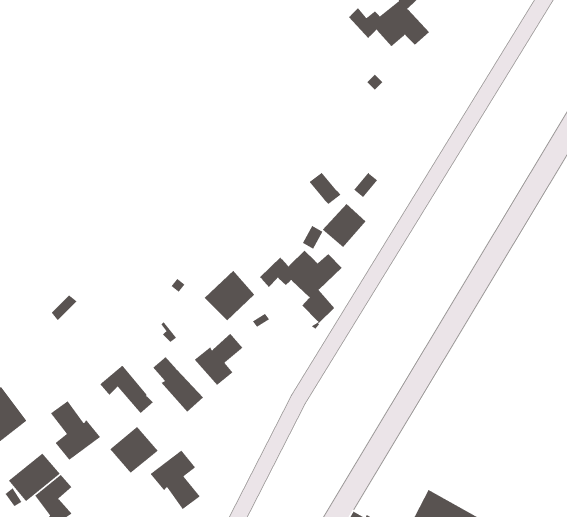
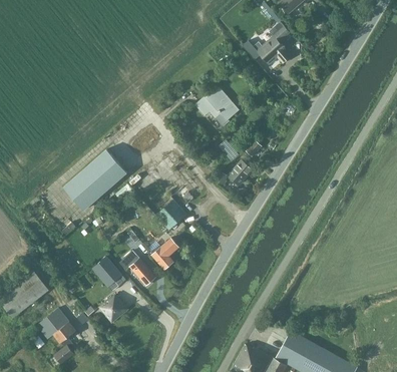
building: none -> [197,88,238,128]
building: none -> [64,149,126,210]
building: [259,250,343,330] -> none
building: [50,400,101,461] -> none
building: [149,450,201,510] -> none

